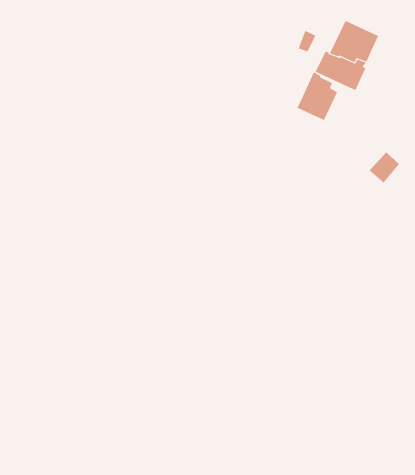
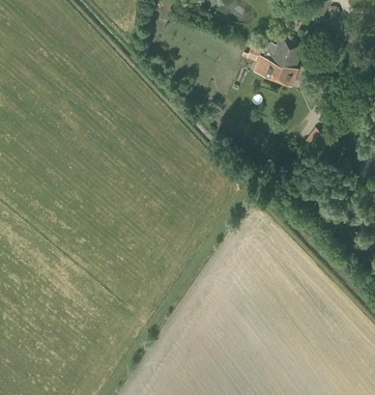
building: [297,71,338,121] -> none

